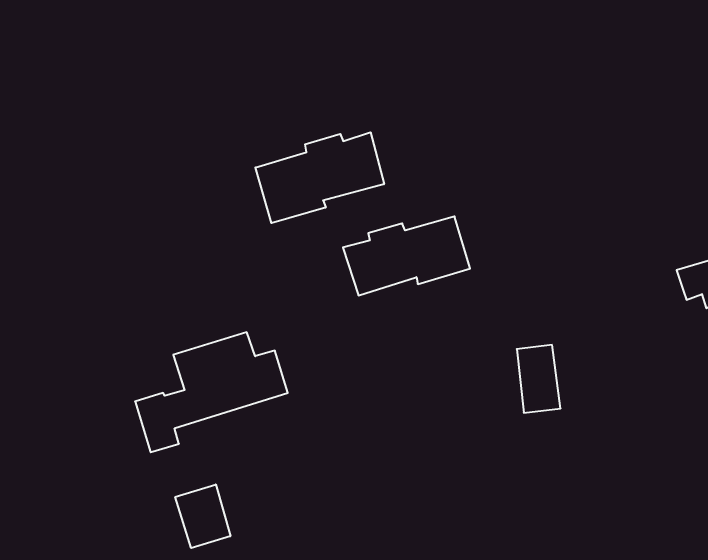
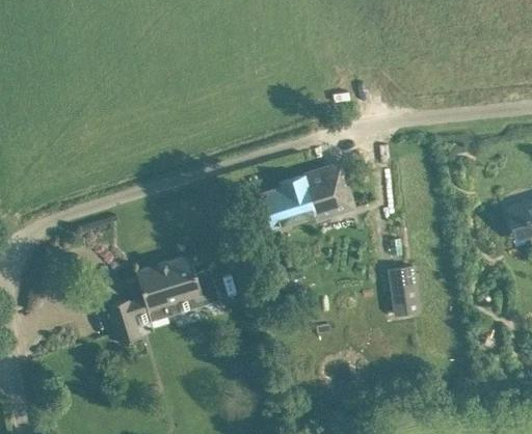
building: [255,132,384,223] -> none
building: [175,484,230,548] -> none

